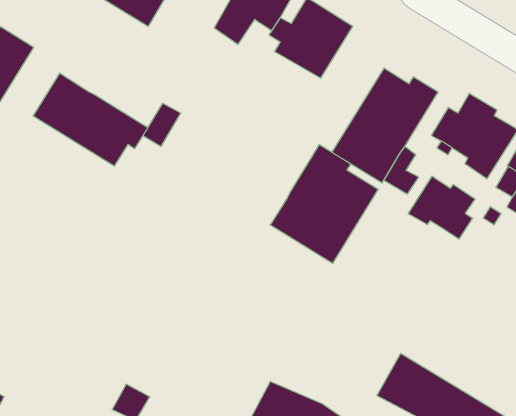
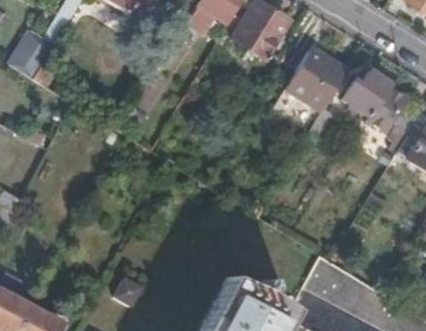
building: [33,73,148,166] -> none
building: [270,145,378,263] -> none
building: [408,176,475,239] -> none

